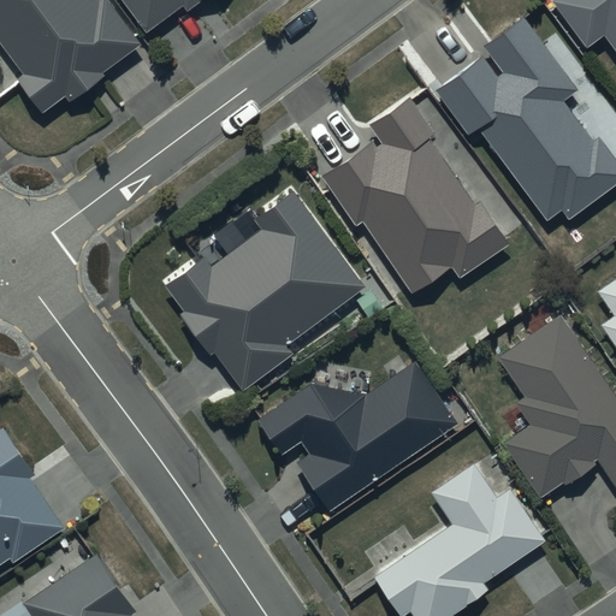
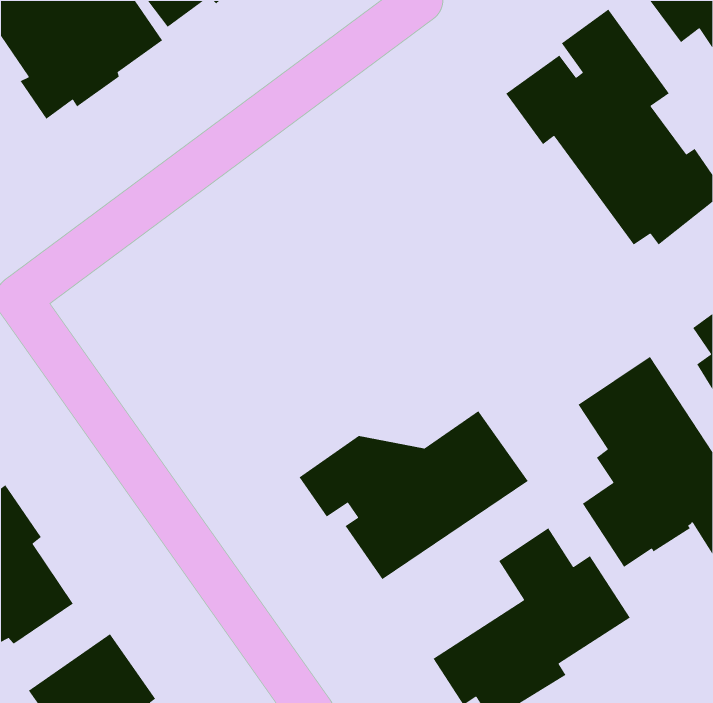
building: [324,97,509,292] -> none
building: [164,188,365,391] -> none

